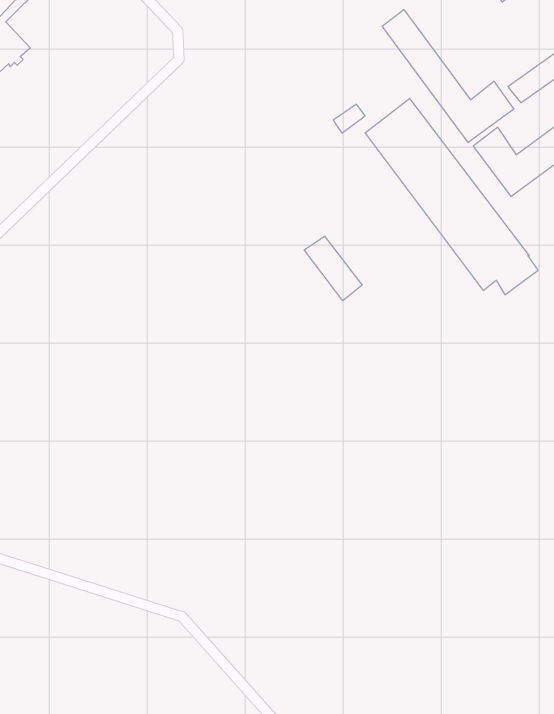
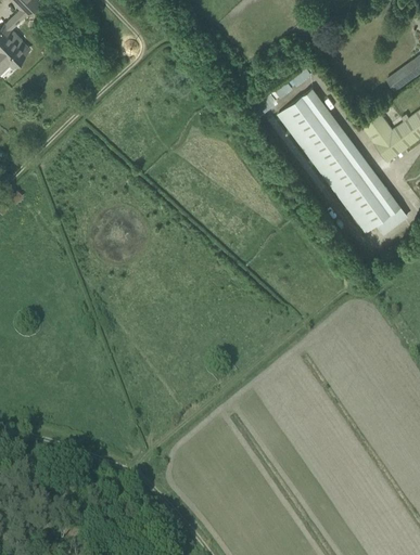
building: [382,10,514,143] -> none
building: [304,236,362,301] -> none

